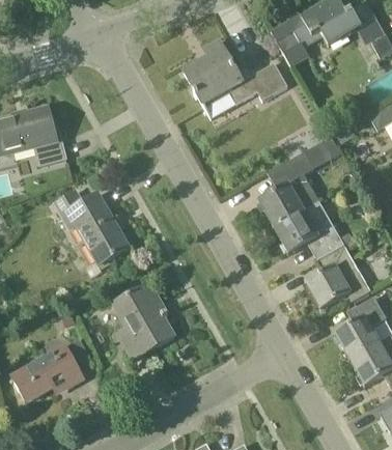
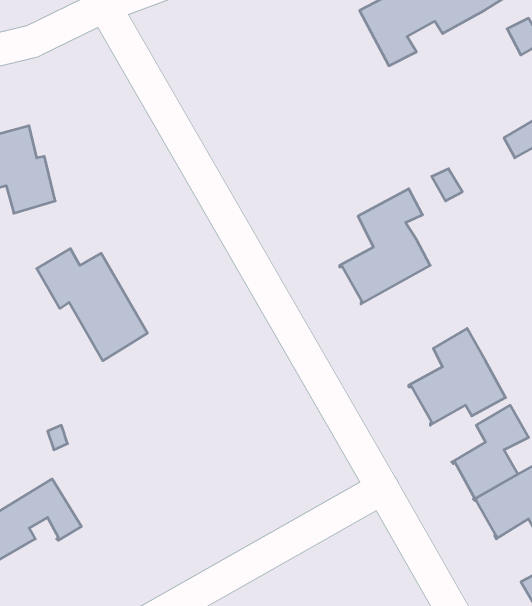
building: [184,41,287,118] -> none
building: [273,201,354,257] -> none
building: [113,282,174,359] -> none

